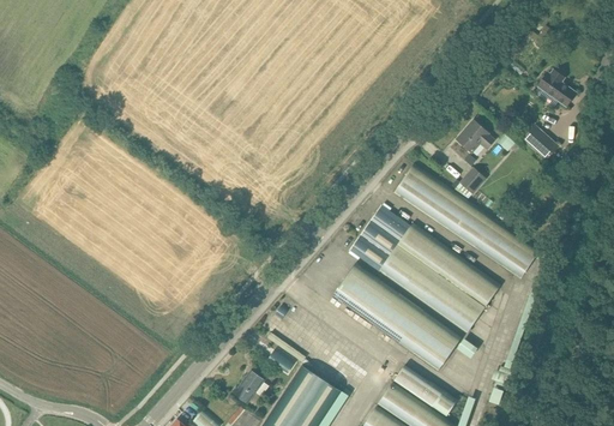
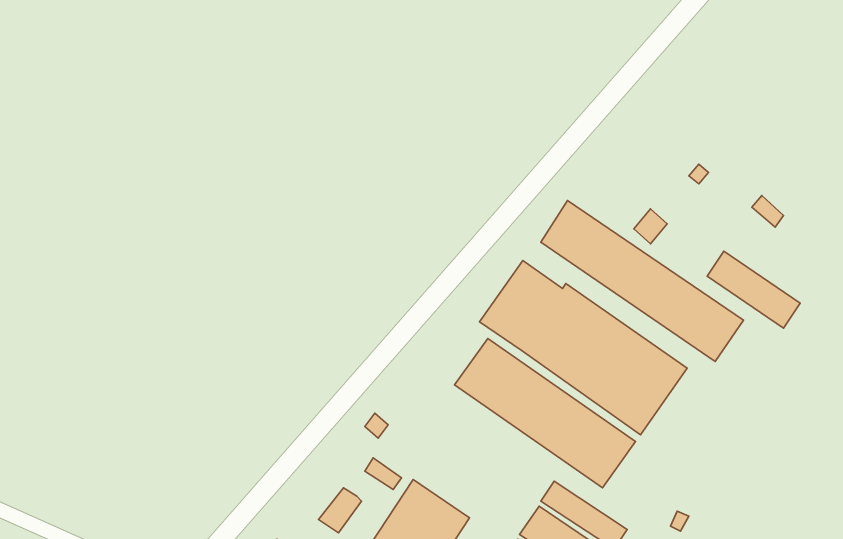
building: [537,67,573,107] -> none
building: [456,120,494,152] -> none
building: [523,126,558,160] -> none
building: none -> [707,251,800,328]

